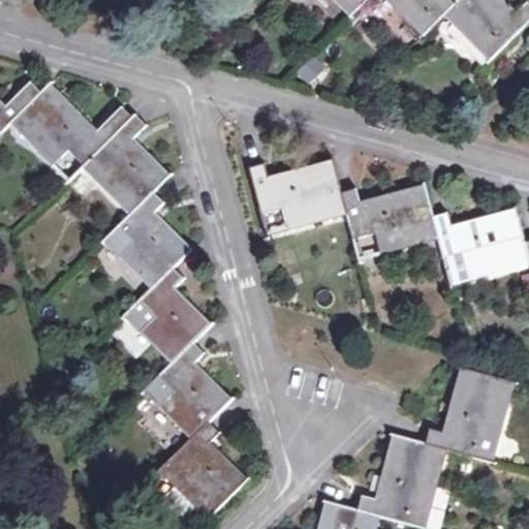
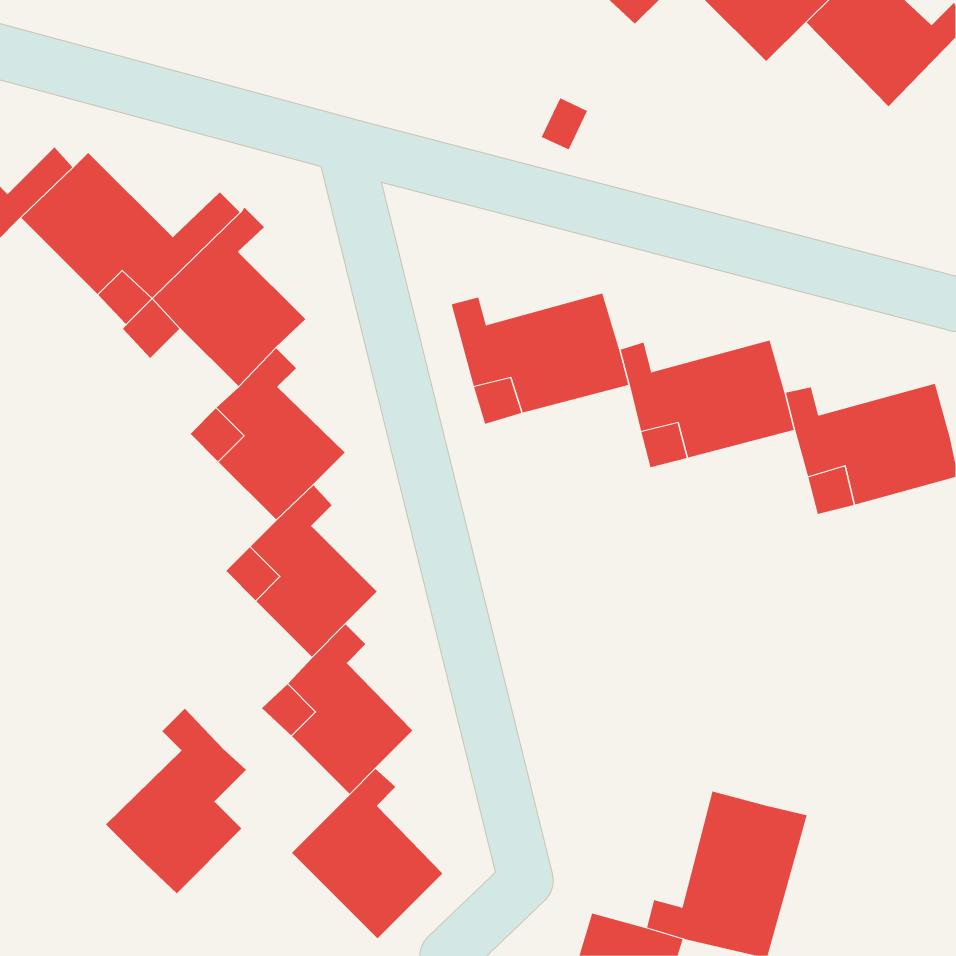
building: [423,367,512,461] -> none
building: none -> [105,708,247,894]

